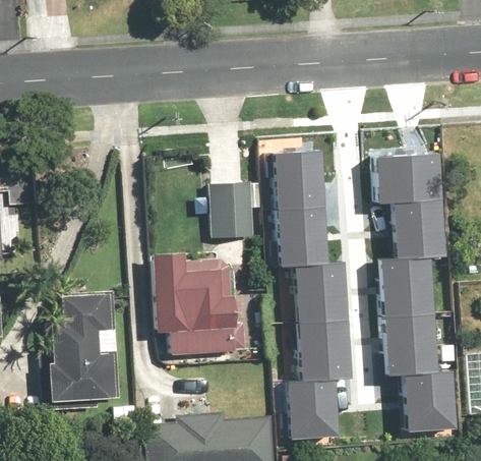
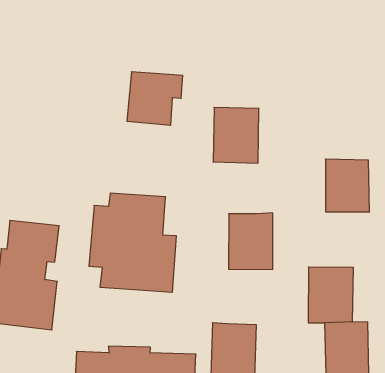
building: [374,155,439,201] -> none
building: [205,183,261,237] -> [127,72,183,125]
building: [275,211,324,267] -> none
building: [380,255,431,318] -> none
building: [299,323,349,384] -> none

